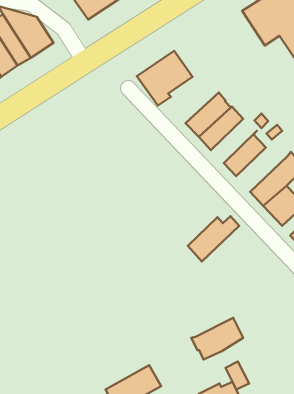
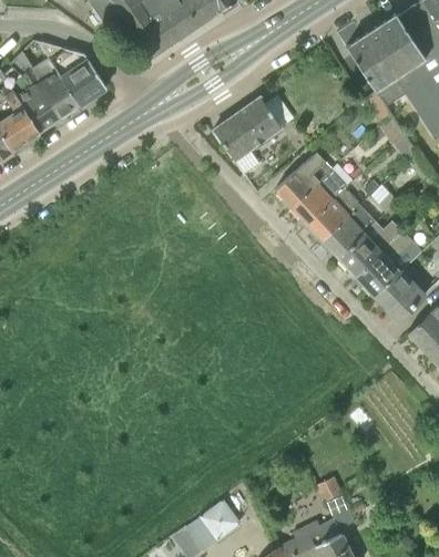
building: none -> [307,184,366,241]
building: [188,216,239,262] -> [339,220,405,278]
building: [191,318,243,359] -> none

